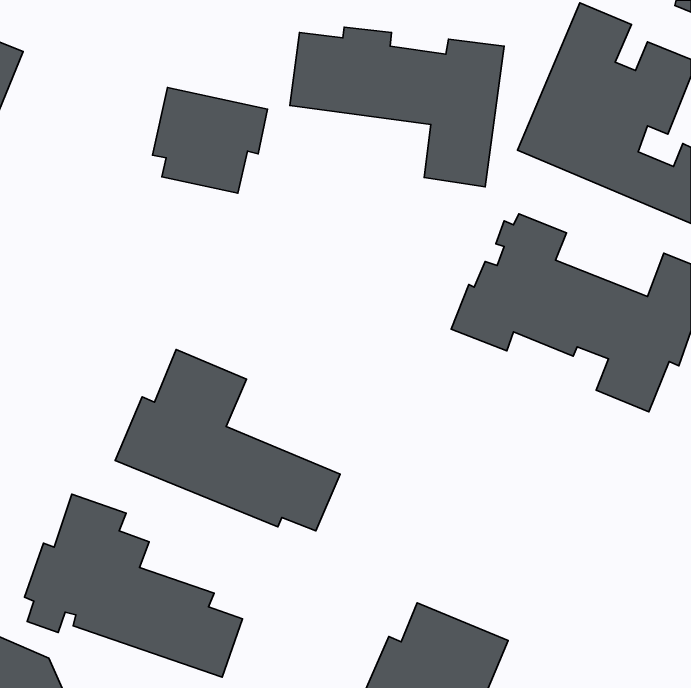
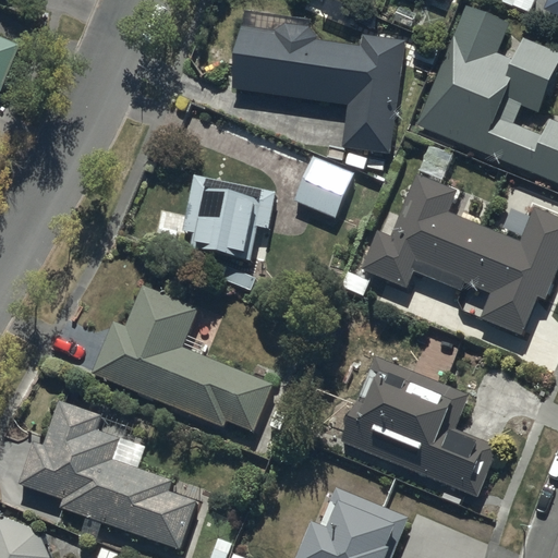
building: [152,87,268,193] -> [182,175,275,260]
building: none -> [293,157,353,218]
building: none -> [339,356,498,497]

